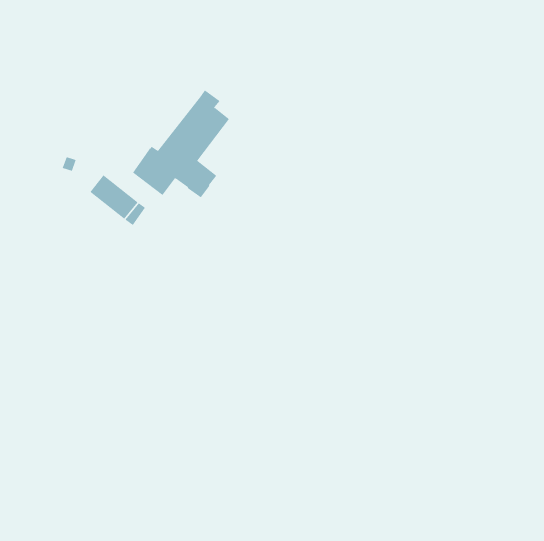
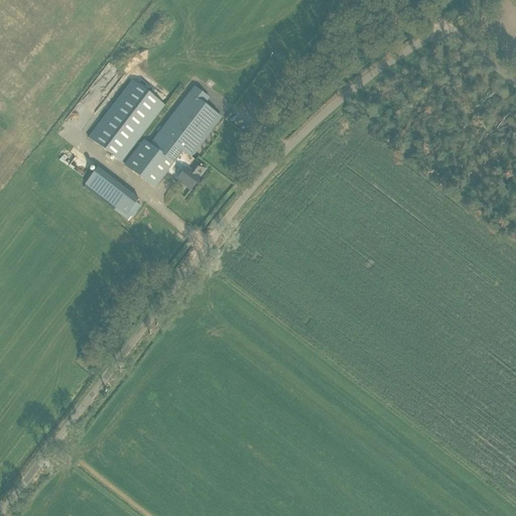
building: none -> [88,78,164,160]

